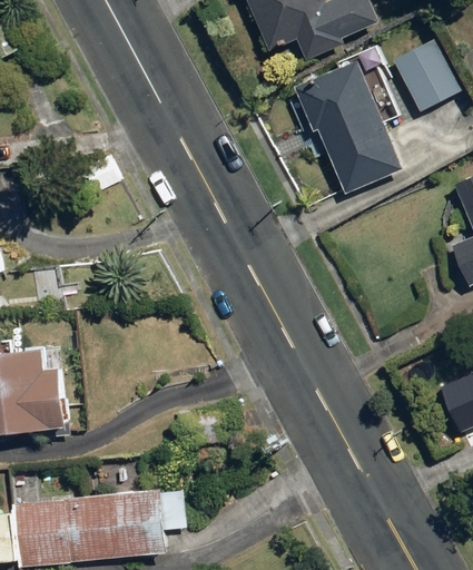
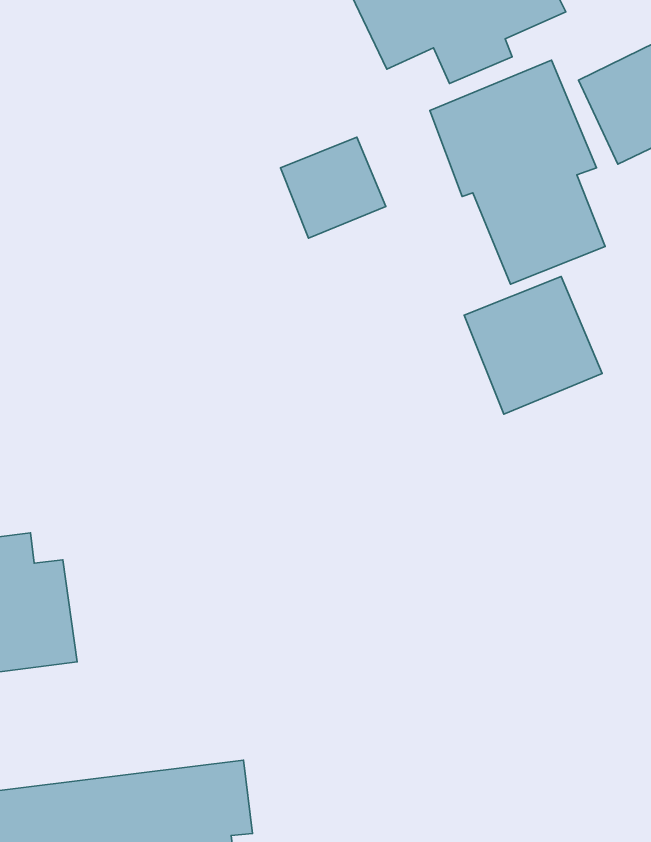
building: none -> [280,137,386,238]
building: none -> [464,276,602,414]

